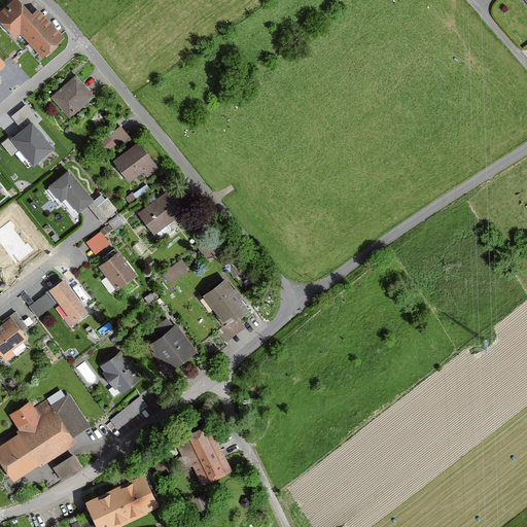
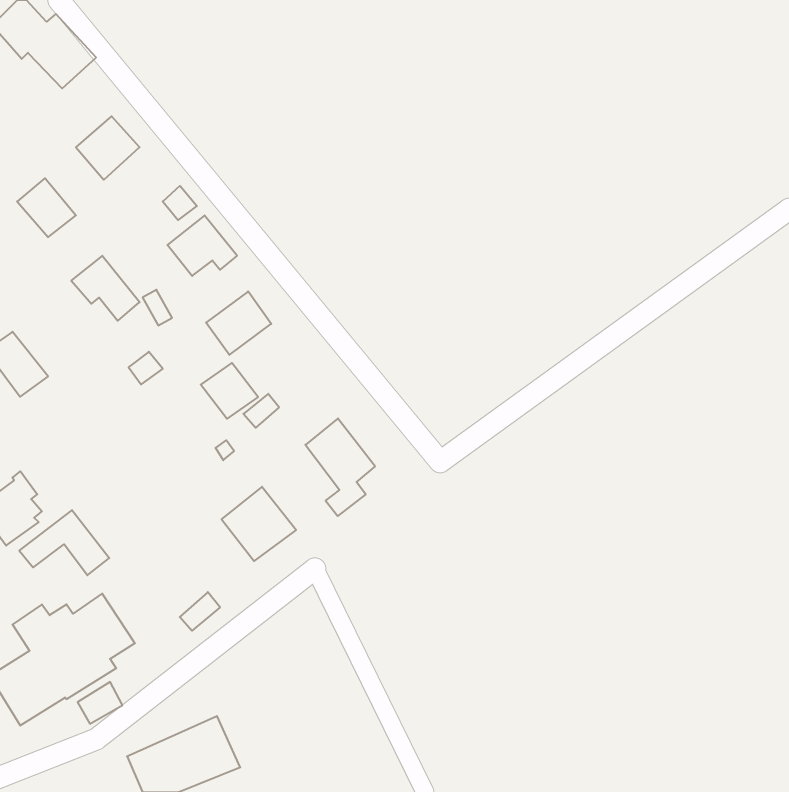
building: [97,253,135,290] -> [201,363,258,419]
building: [27,280,86,323] -> [19,510,109,575]
building: [100,352,142,394] -> none
building: [172,424,232,487] -> none

